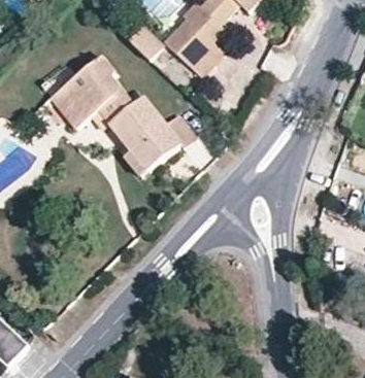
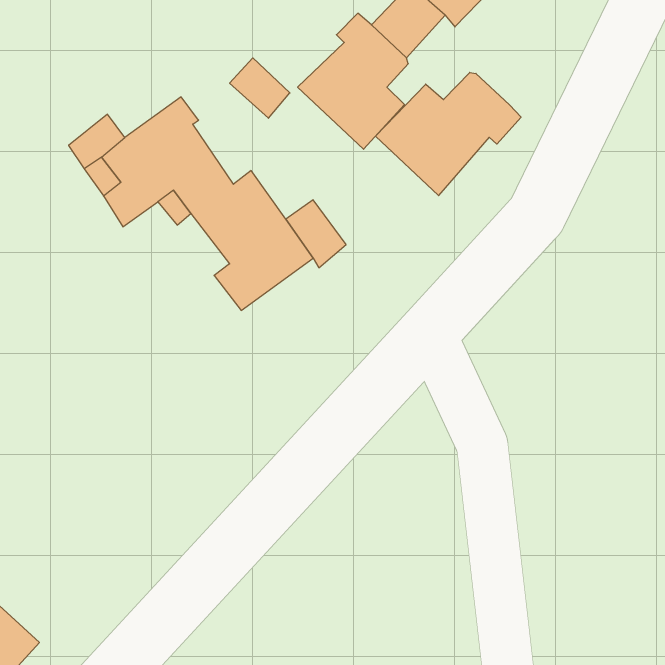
building: none -> [376,72,521,196]

